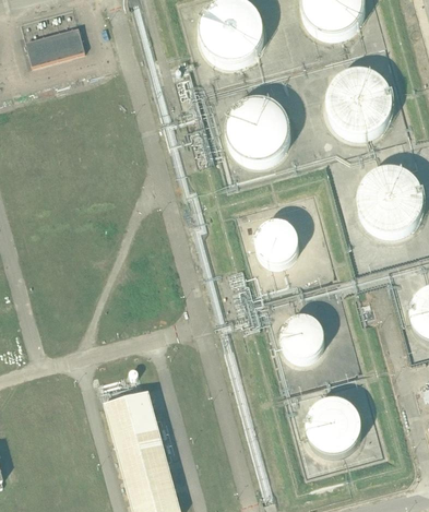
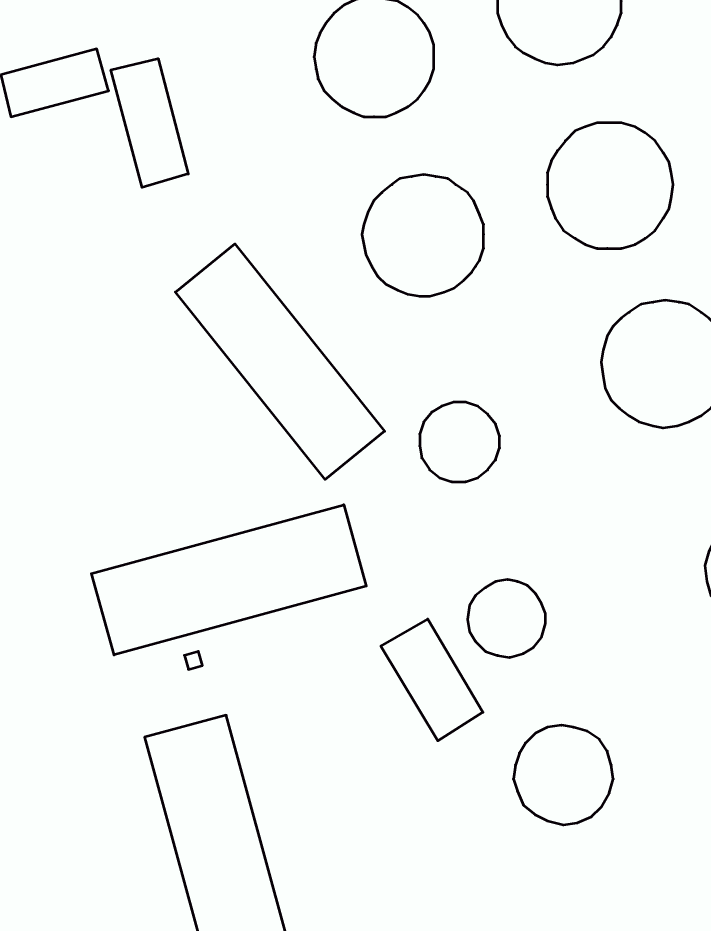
building: none -> [111,59,188,187]
building: none -> [175,244,385,479]
building: none -> [91,505,366,655]
building: none -> [381,619,483,741]

